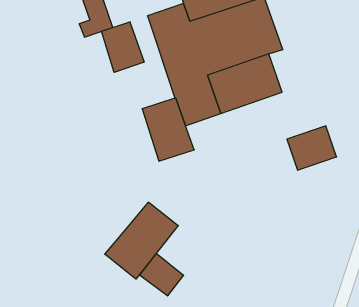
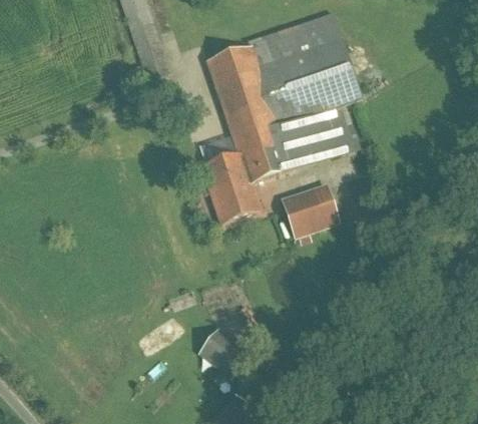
building: [101,22,144,72] -> none
building: [287,126,337,170] -> [282,184,338,235]
building: [105,202,178,279] -> none

